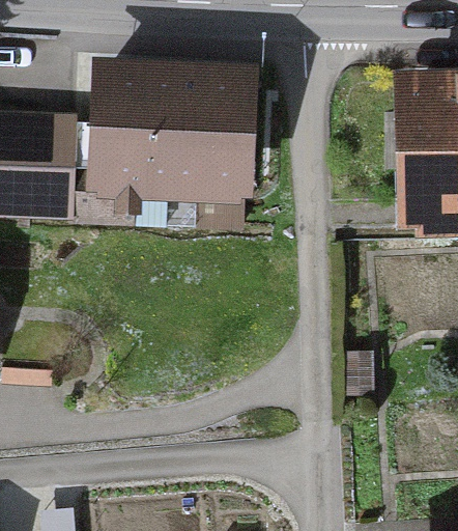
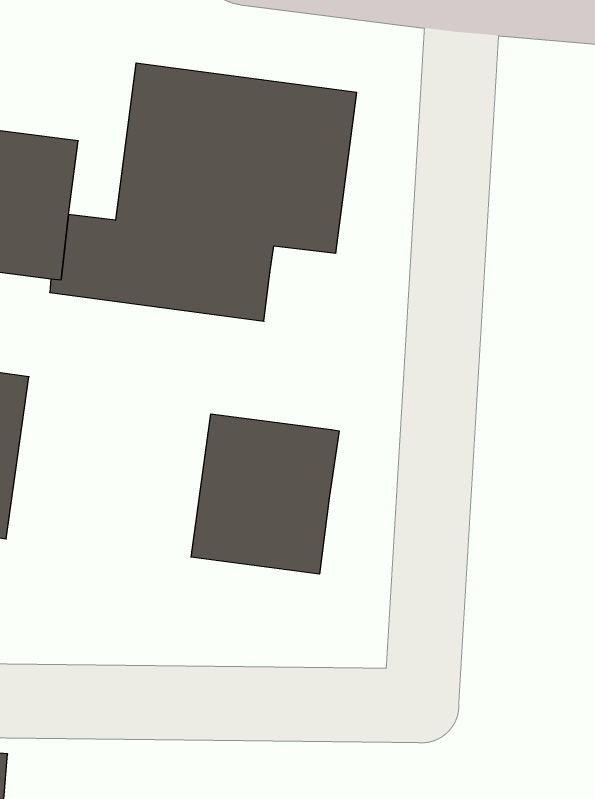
building: none -> [191,414,339,574]

